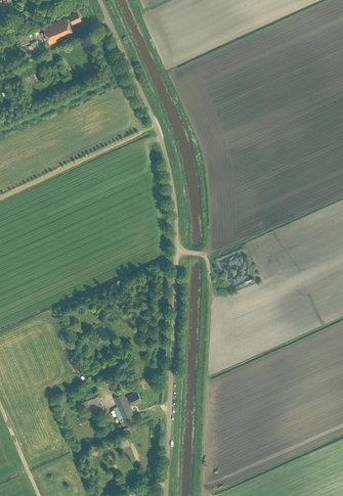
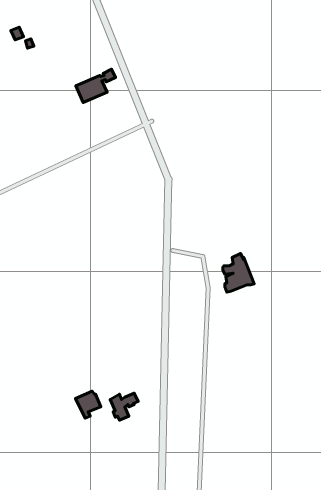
building: [41,13,80,46] -> [76,69,116,103]

